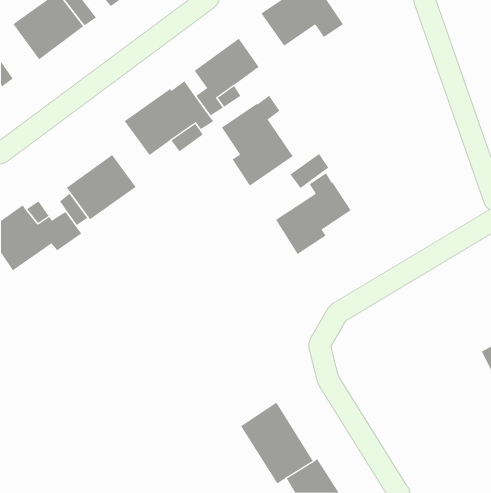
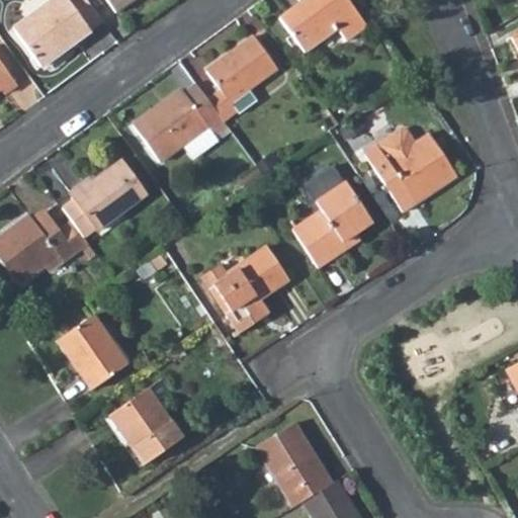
building: [221,95,293,186] -> none
building: none -> [366,133,456,210]
building: none -> [203,248,288,335]
building: none -> [61,313,130,385]
building: none -> [111,387,183,463]

